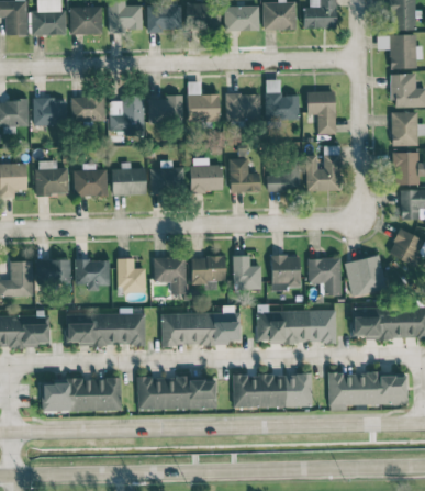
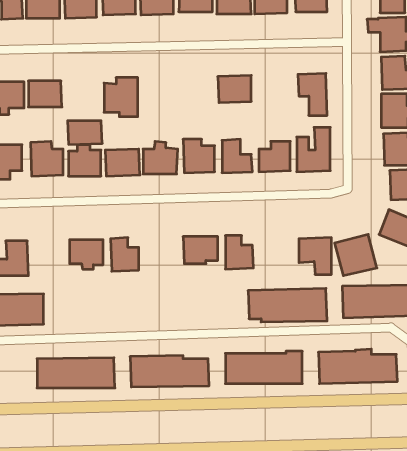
building: [265,79,299,120] -> none
building: [187,82,220,121] -> none
building: [70,97,105,121] -> [68,121,102,144]
building: [148,97,182,124] -> none
building: [270,255,300,290] -> none
building: [153,257,187,294] -> none
building: [36,259,71,283] -> none
building: [160,312,239,345] -> none
building: [66,313,145,346] -> none

